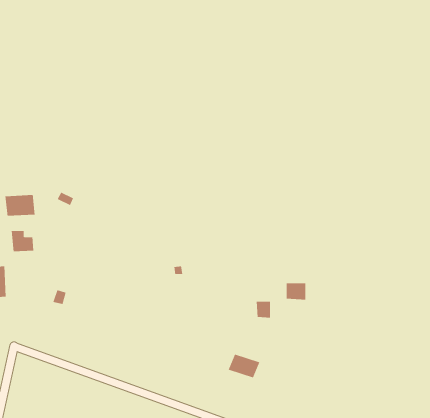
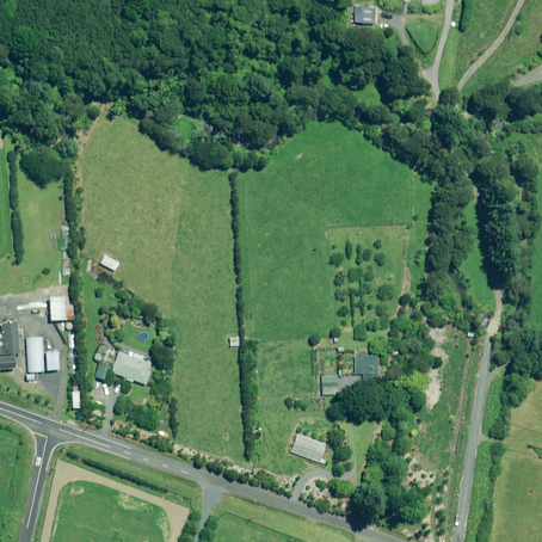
building: [5,194,35,217] -> none
building: none -> [112,350,153,383]

